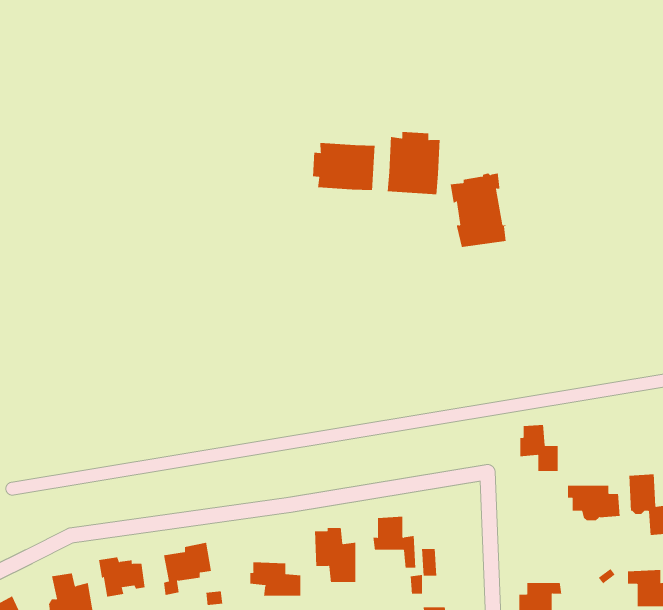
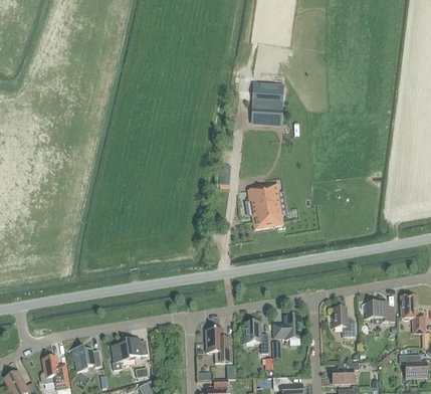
building: [312,142,375,191] -> none
building: [450,173,506,248] -> [247,182,282,228]
building: [520,424,558,471] -> [331,307,355,336]
building: none -> [273,315,300,339]
building: [250,561,301,596] -> none

